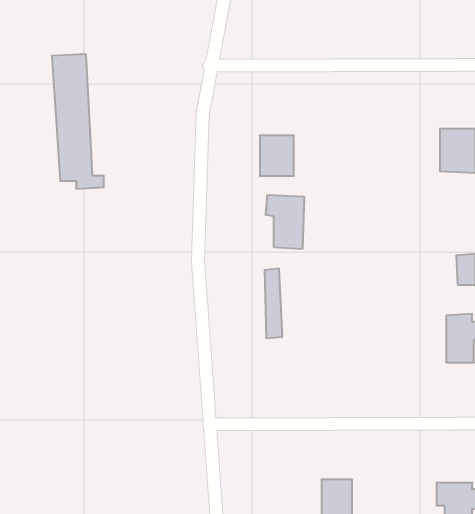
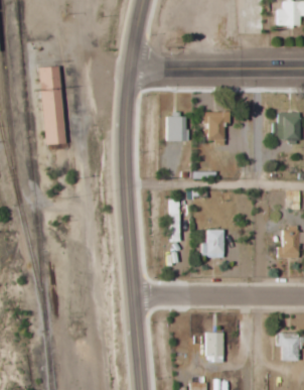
building: [265,195,304,249] -> [202,112,226,145]
building: none -> [201,230,223,258]

